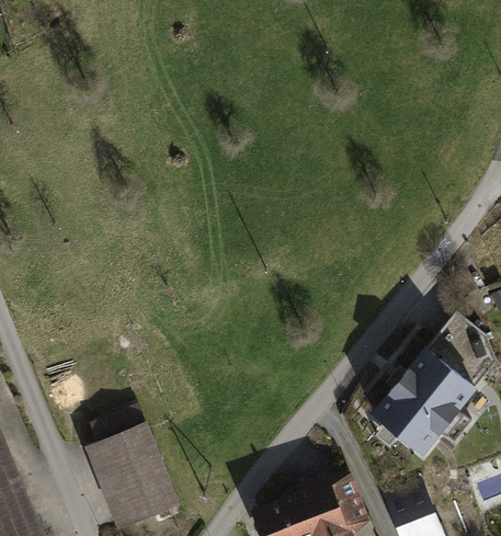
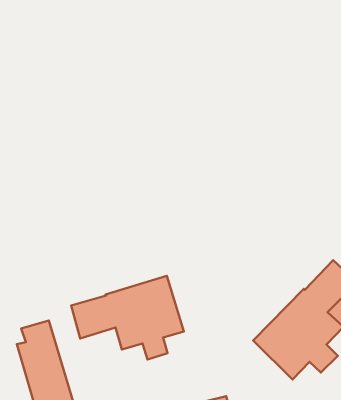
building: none -> [71,276,184,360]

